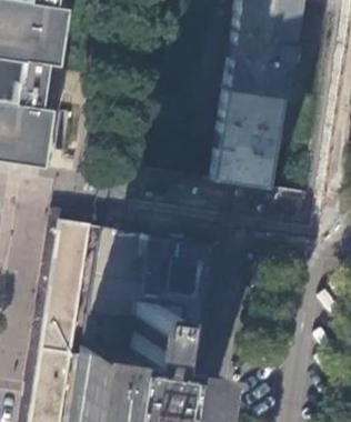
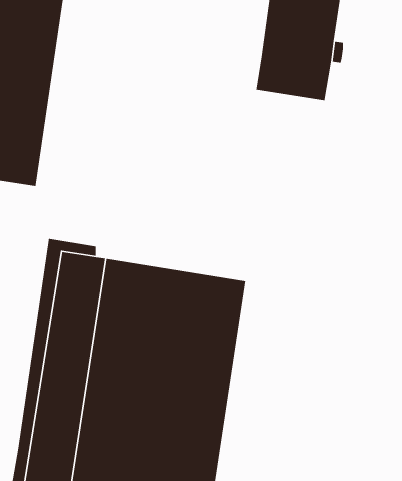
building: [209,86,280,187] -> none

